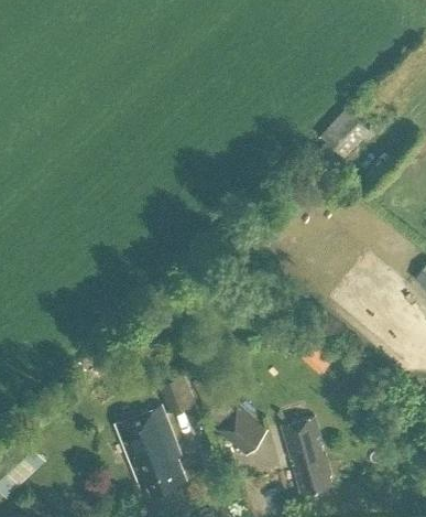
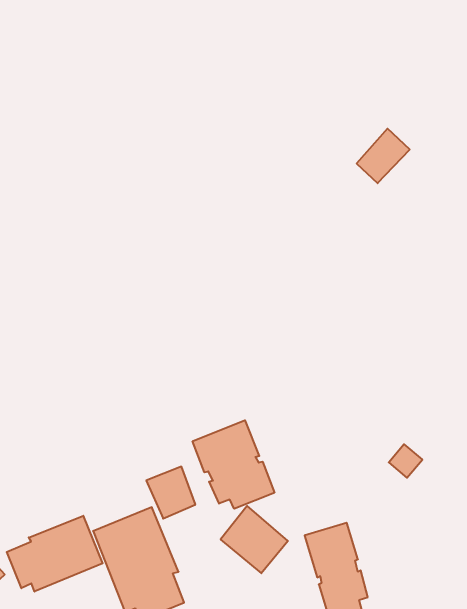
building: none -> [193,420,274,509]
building: none -> [7,516,103,592]

